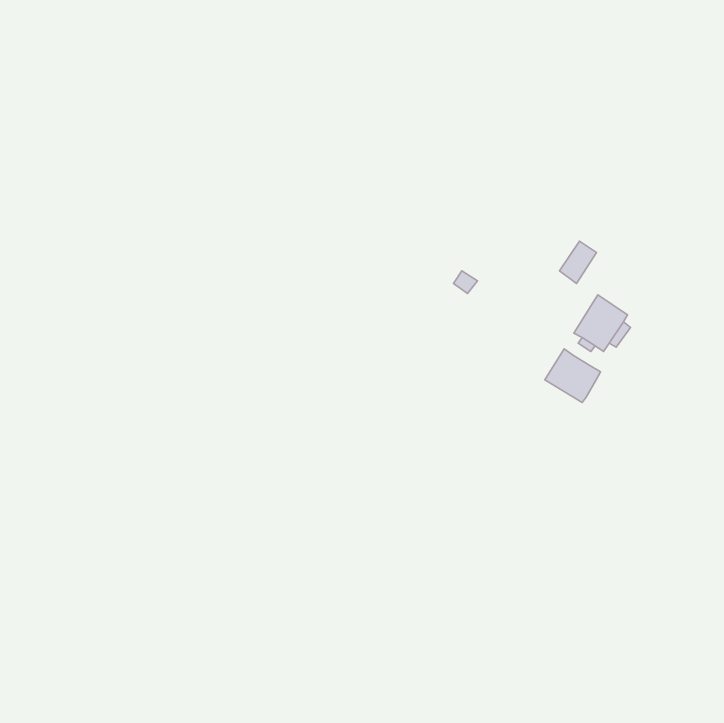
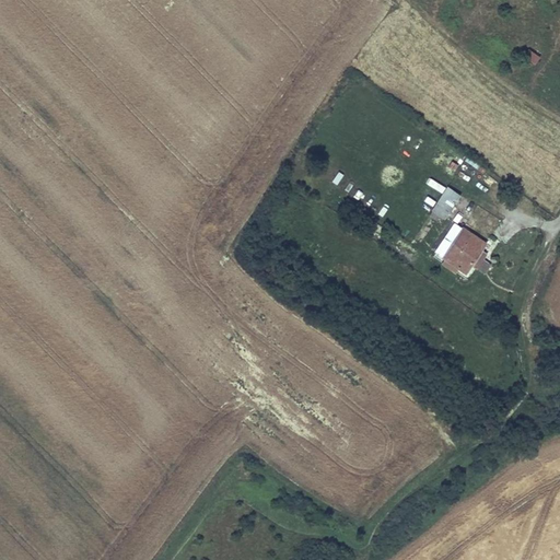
building: [545,349,600,403] -> none

